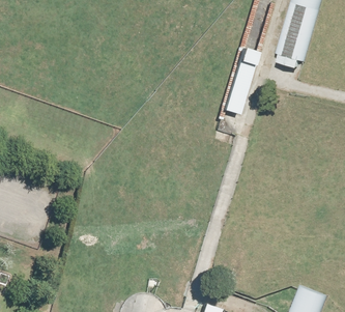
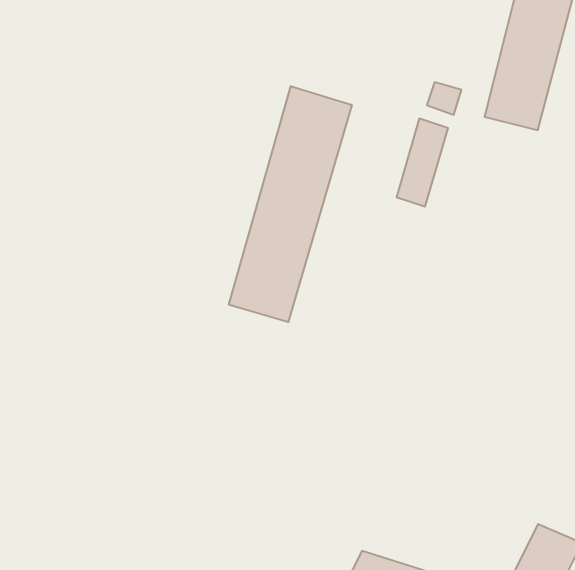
building: none -> [229,86,352,322]

